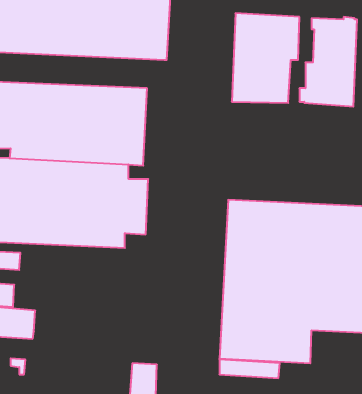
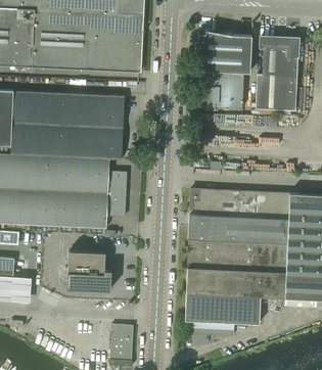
building: none -> [67,250,111,290]

